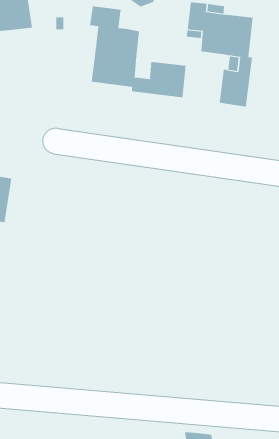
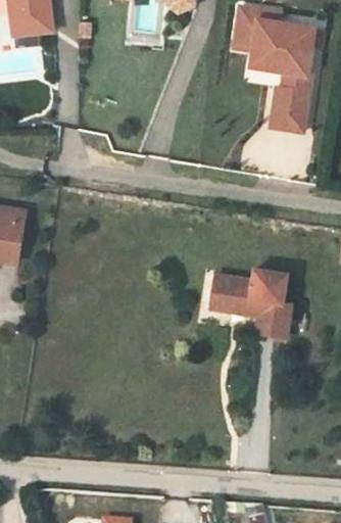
building: [90,6,186,98] -> none
building: none -> [216,274,293,340]

